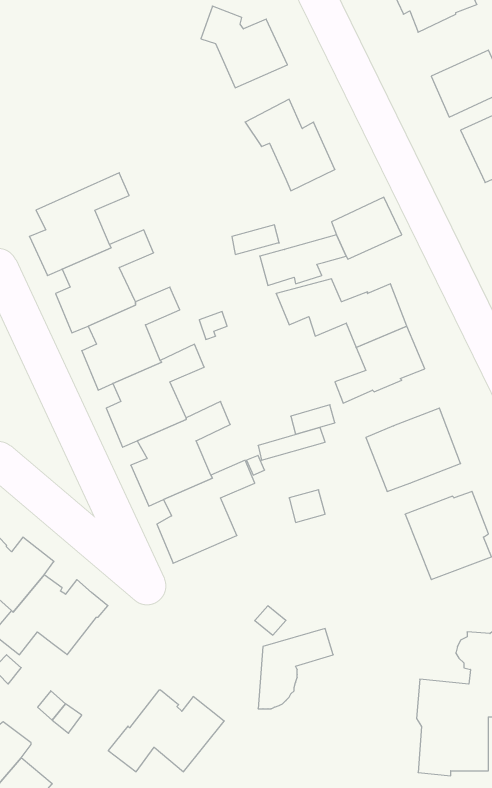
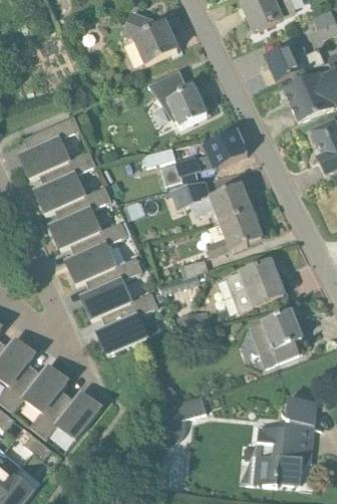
building: [108,690,224,772] -> [29,389,100,439]

